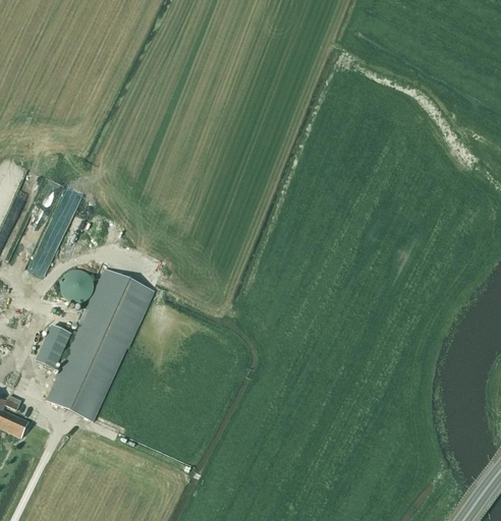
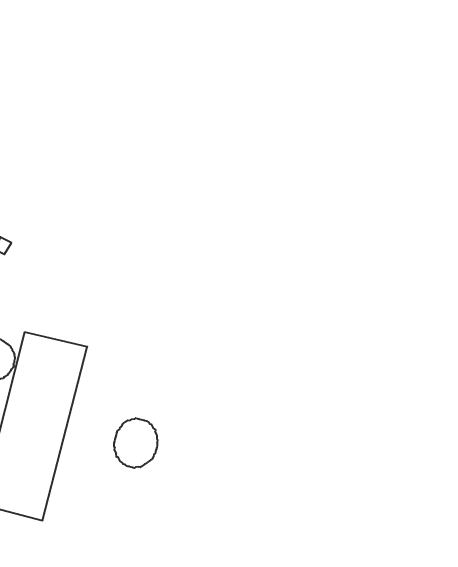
building: none -> [114,418,158,468]

